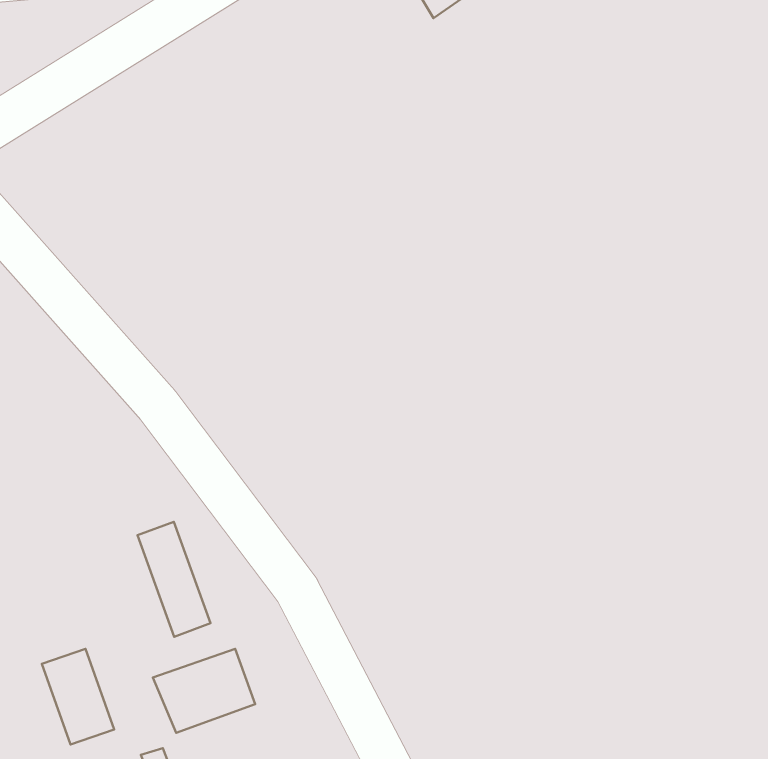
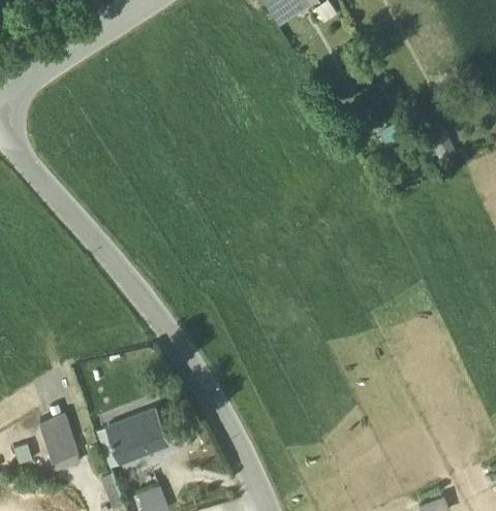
building: [137,522,210,637] -> none

